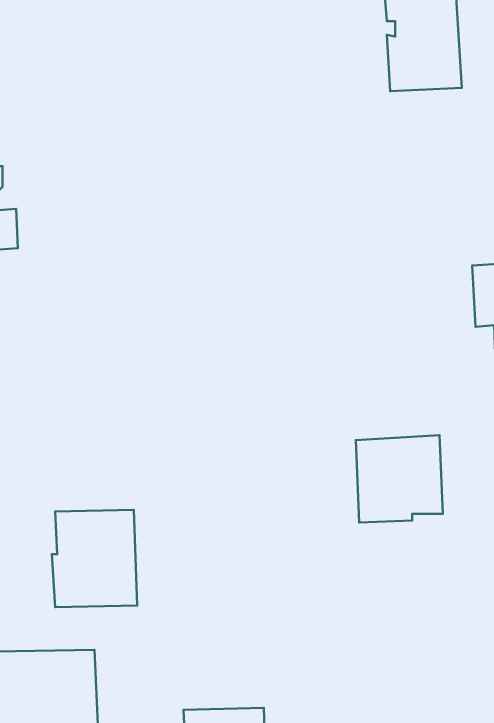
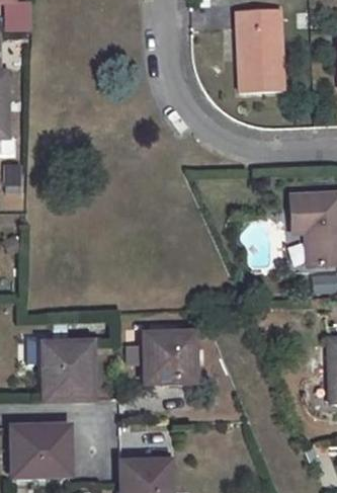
building: [356,435,443,522] -> [143,331,194,383]

